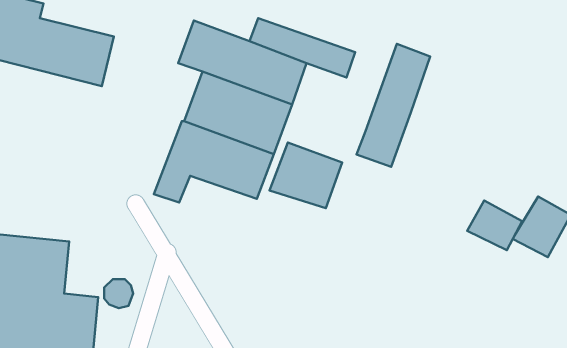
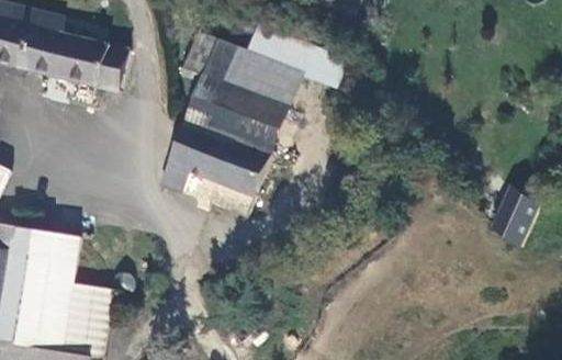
building: [357,44,430,167] -> none
building: [269,143,342,208] -> none
building: [467,201,522,250] -> none

